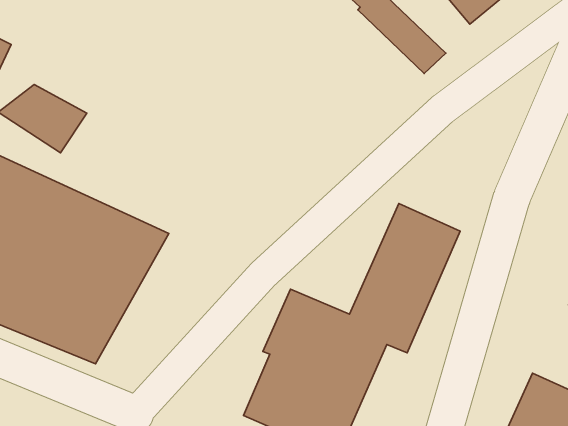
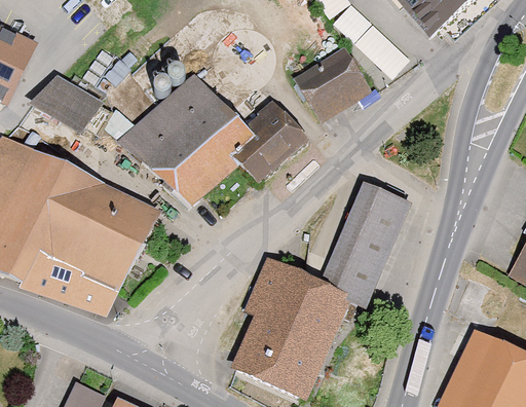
building: none -> [295,41,381,125]
building: none -> [119,96,315,210]

